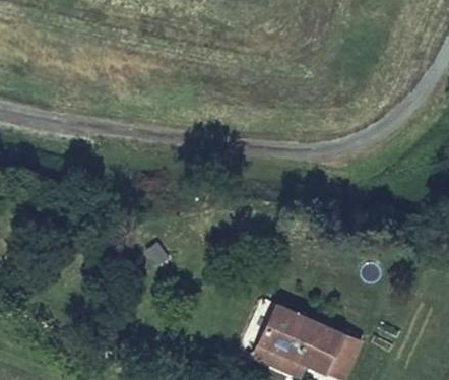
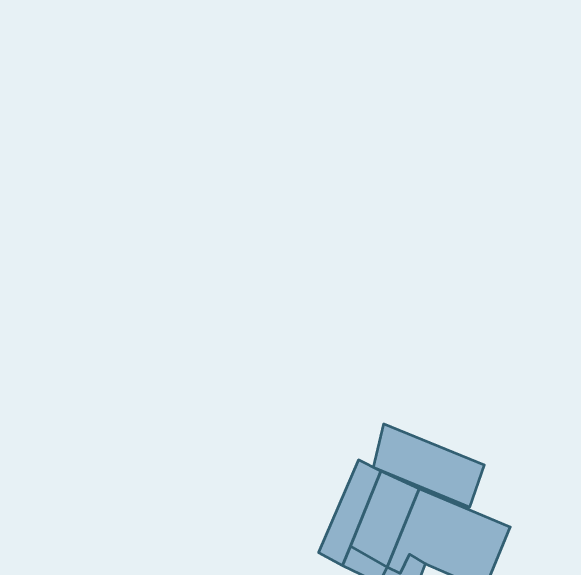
building: none -> [373,424,484,507]

